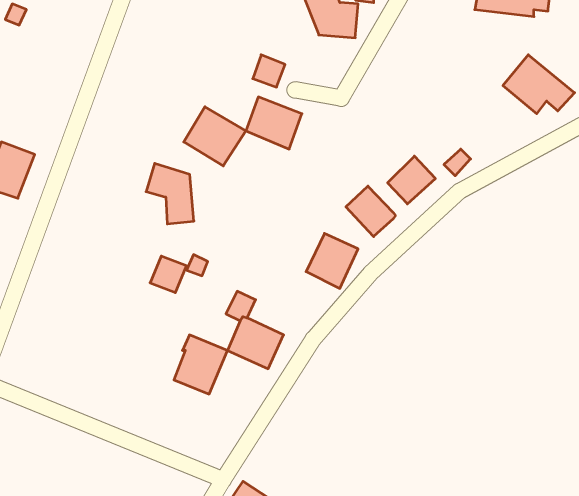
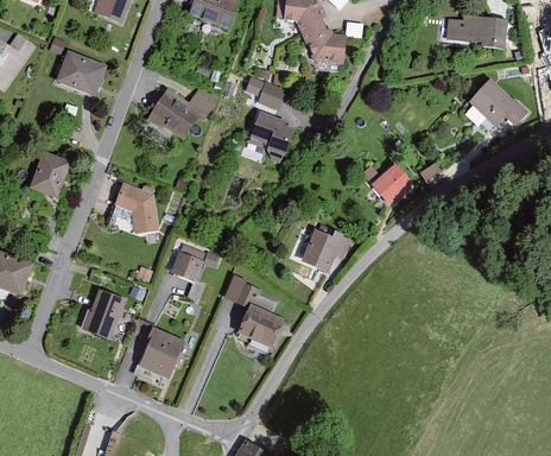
building: none -> [53,51,103,96]
building: [184,107,246,166] -> [151,90,203,140]
building: [146,163,194,224] -> [116,182,157,233]
building: [346,186,395,237] -> none
building: none -> [83,289,124,338]
building: [174,335,227,394] -> [137,323,182,373]

